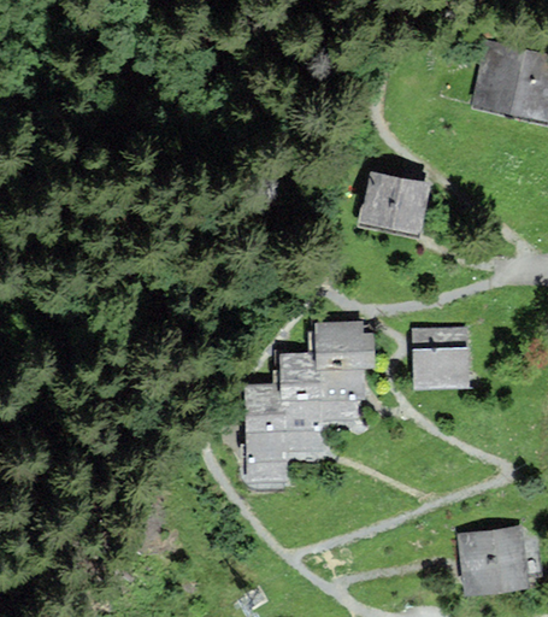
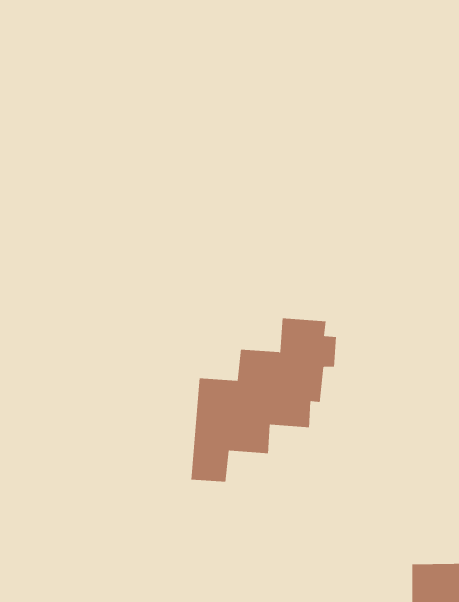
building: [364,175,424,229] -> none
building: [413,330,465,386] -> none

